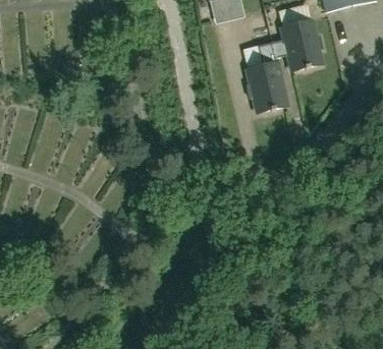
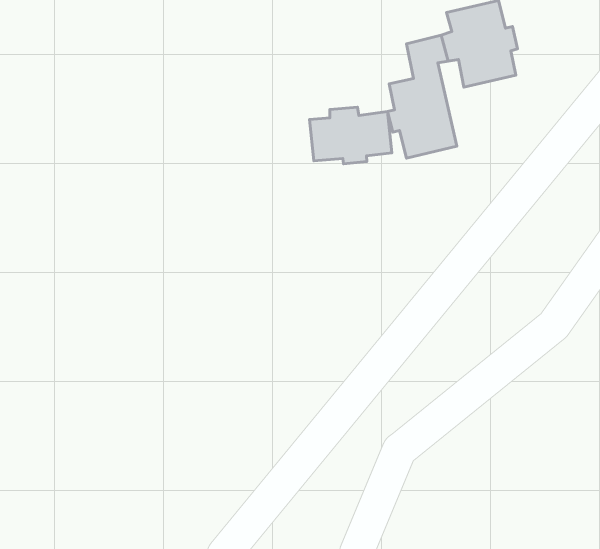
building: none -> [310,107,392,164]

